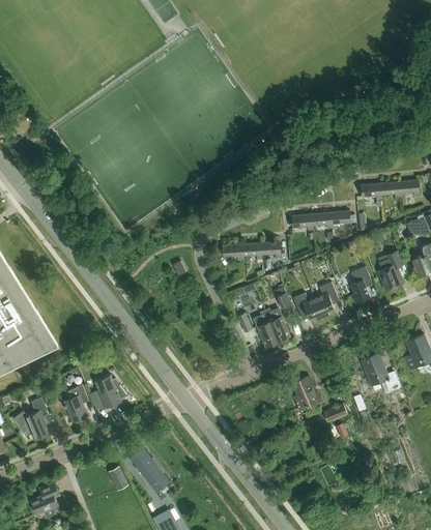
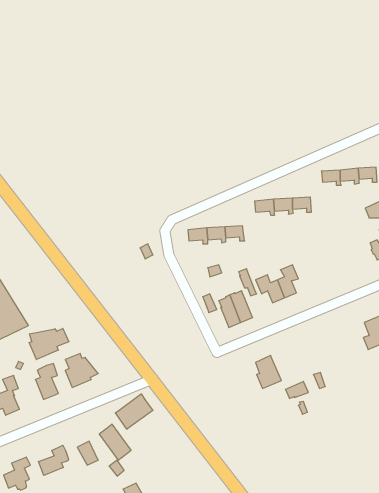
building: [378,252,404,291] -> none
building: [351,267,371,303] -> none
building: none -> [29,328,69,360]
building: [362,353,401,392] -> none
building: none -> [115,394,153,429]
building: none -> [38,445,68,475]

